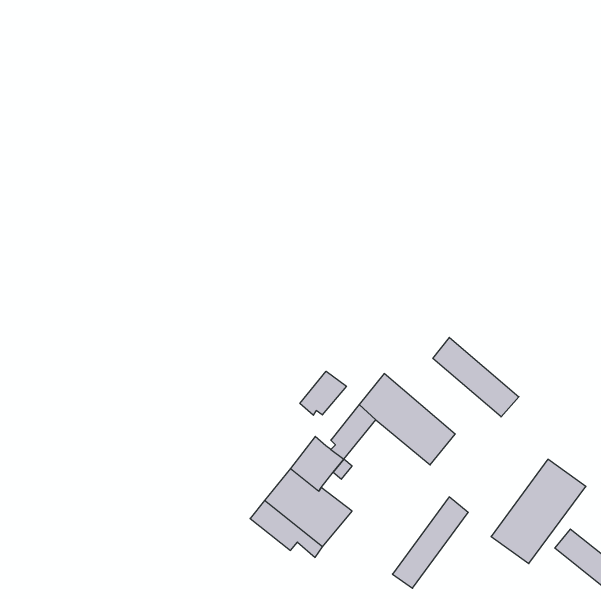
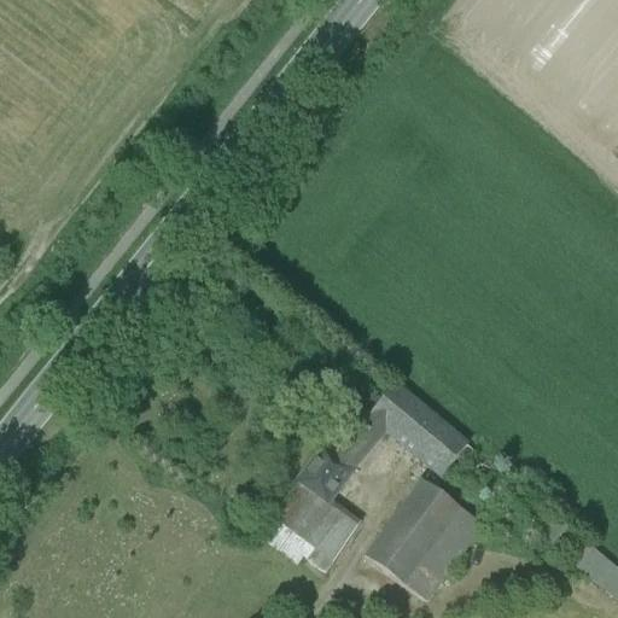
building: [433,337,519,417] -> none
building: [300,371,346,415] -> none
building: [491,459,586,564] -> [366,478,462,584]

